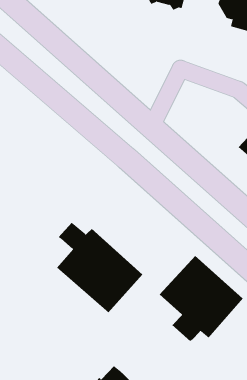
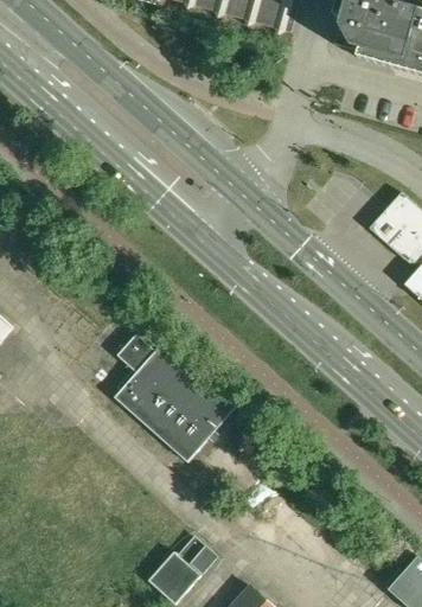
building: [159,255,243,342] -> none

